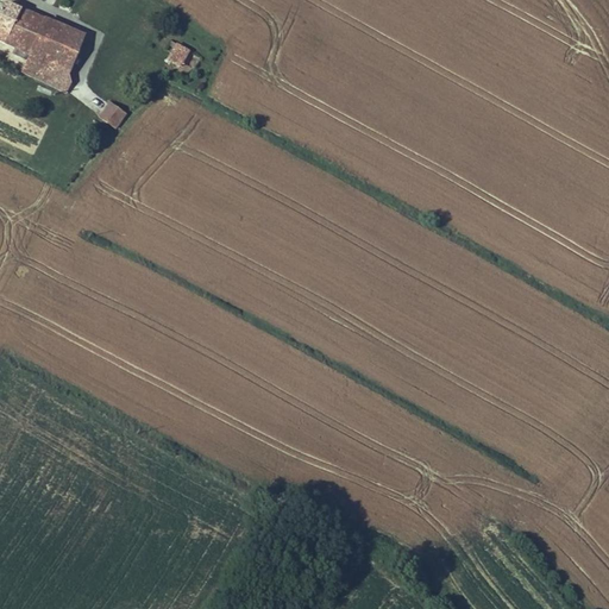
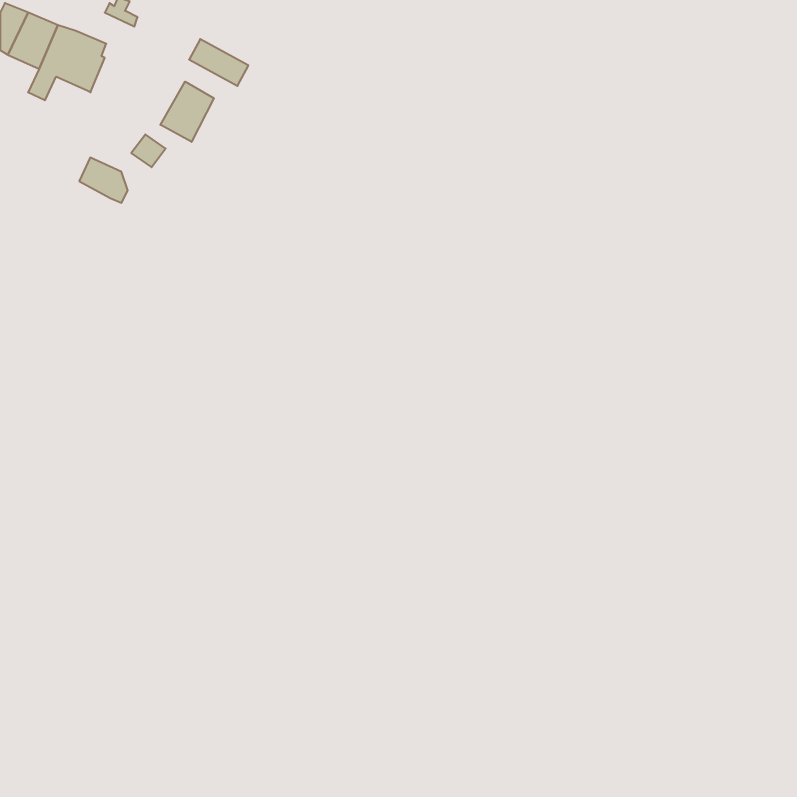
building: [36,58,73,93] -> [79,158,128,203]
building: none -> [160,82,214,142]

